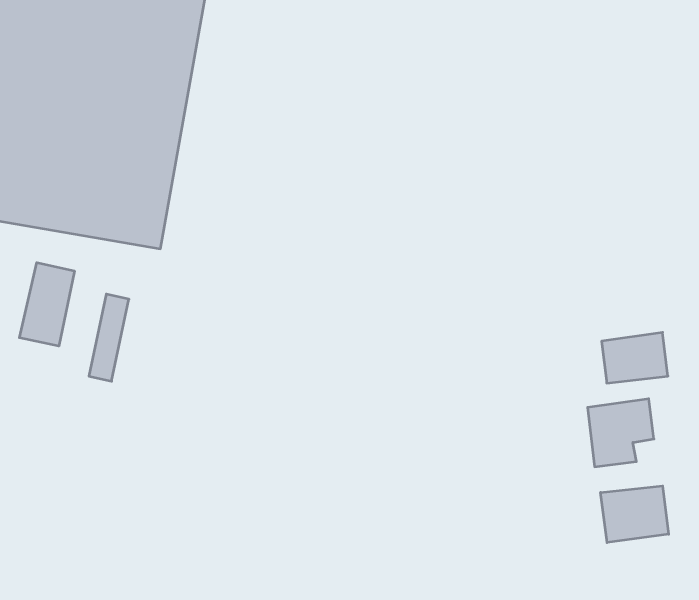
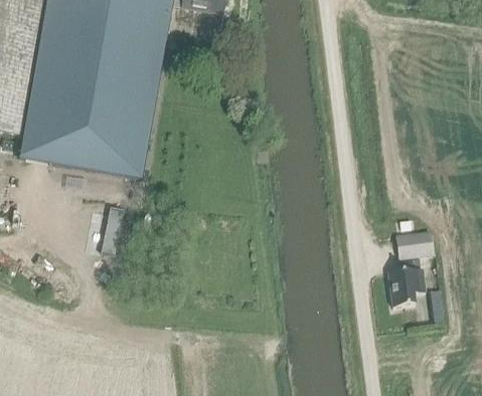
building: [19,263,74,346] -> none
building: [601,486,669,543] -> none

